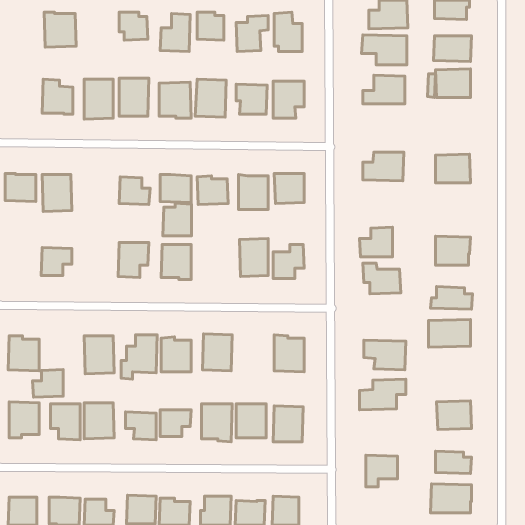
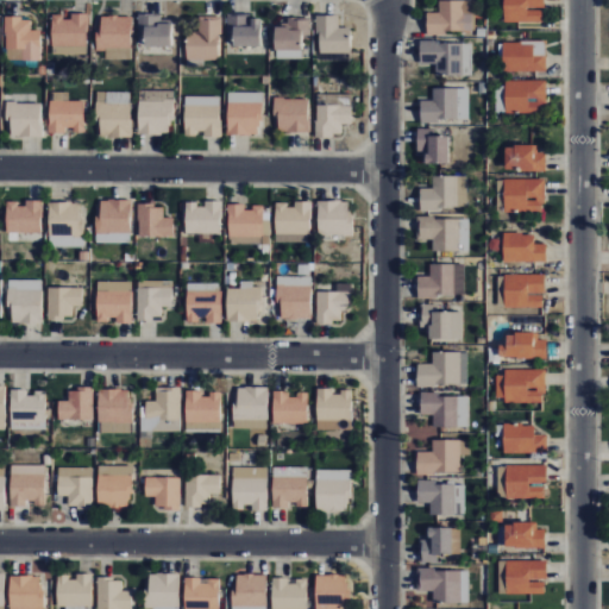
building: none -> [96,15,131,59]
building: none -> [6,18,42,61]
building: none -> [7,102,42,137]
building: none -> [416,128,448,163]
building: none -> [504,145,546,169]
building: none -> [98,200,131,243]
building: none -> [417,218,469,251]
building: none -> [502,233,546,262]
building: [163,203,191,236] -> [226,283,259,321]
building: none -> [10,280,42,324]
building: none -> [98,281,133,322]
building: none -> [417,352,467,385]
building: none -> [274,393,309,423]
building: none -> [503,425,546,453]
building: [32,370,63,397] -> [57,388,93,420]
building: none -> [417,482,465,515]
building: none -> [416,569,463,603]

